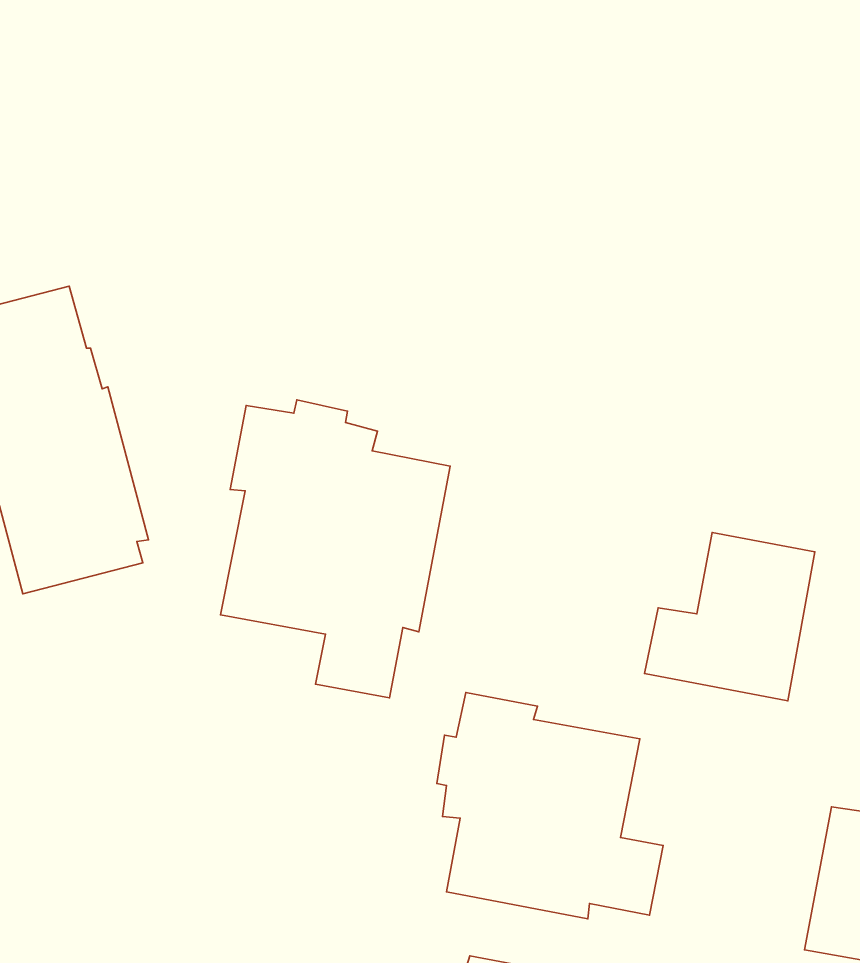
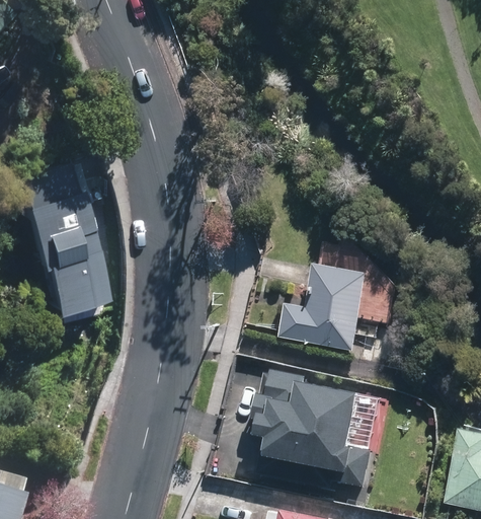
building: [220,400,450,698] -> none
building: [645,532,815,701] -> [284,265,373,353]

